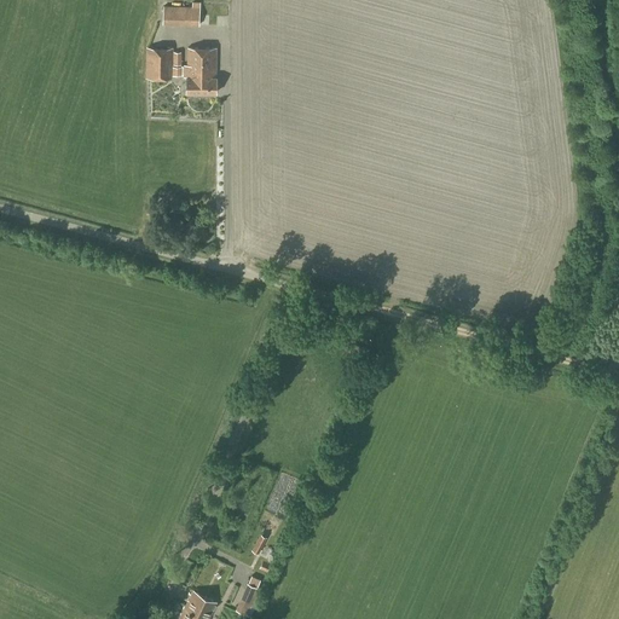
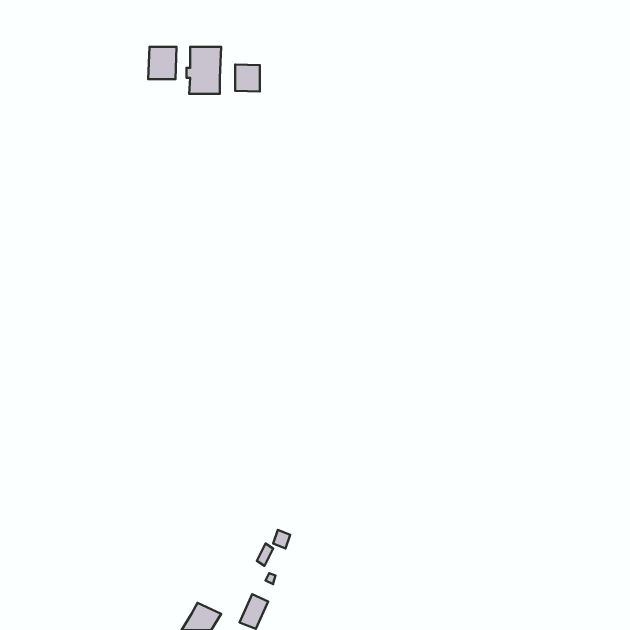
building: [163,5,201,24] -> none
building: none -> [235,64,260,92]

